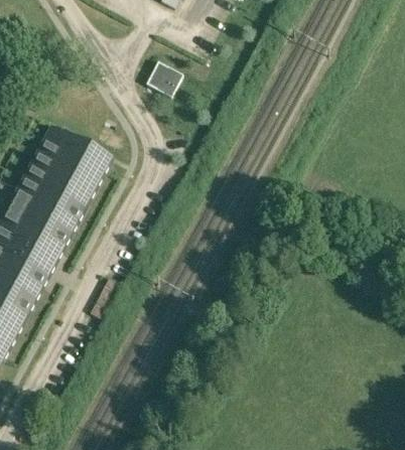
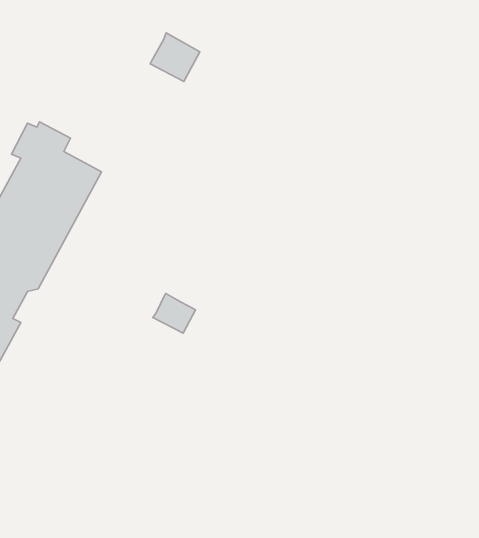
building: none -> [153,294,195,333]

